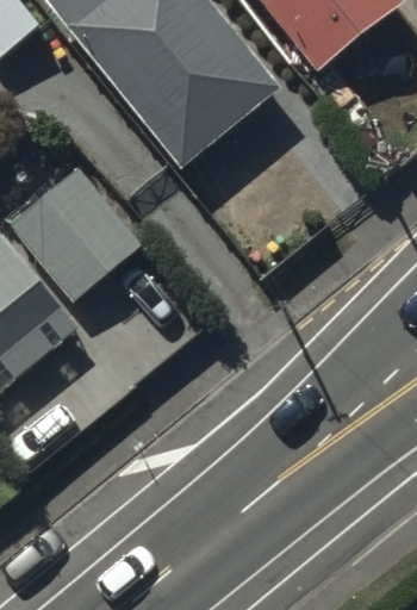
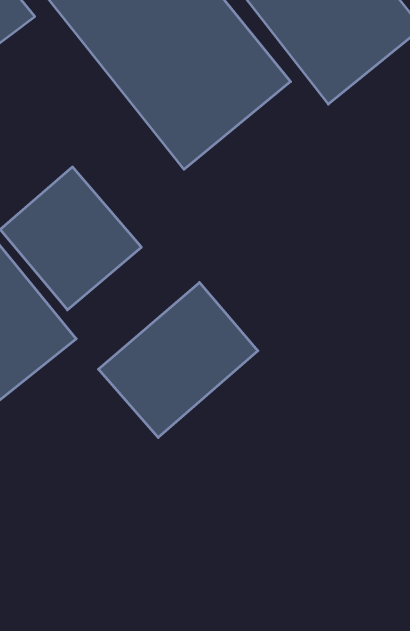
building: none -> [98,282,258,438]

